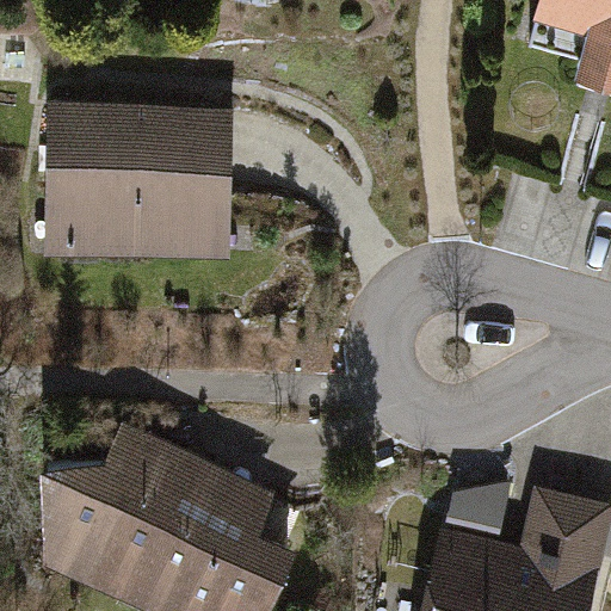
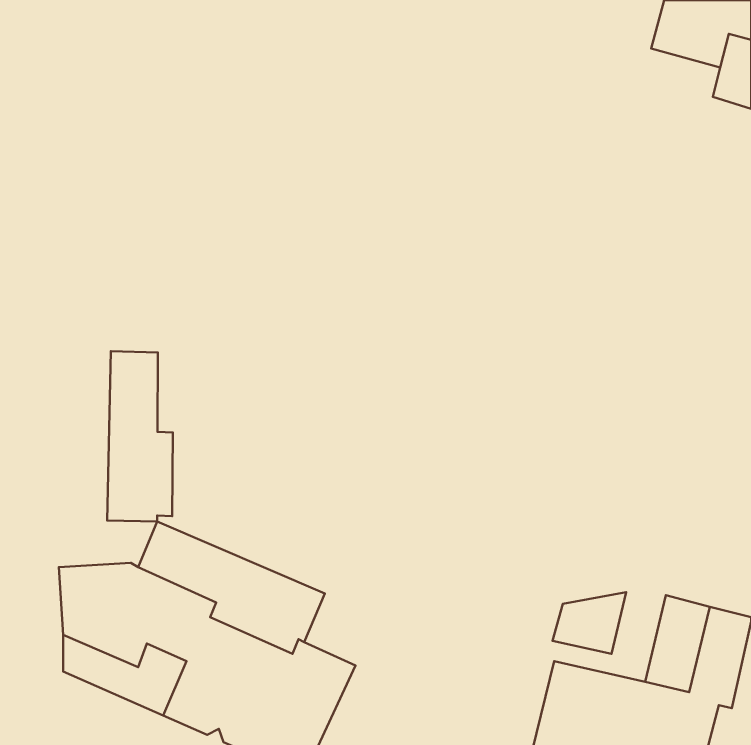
building: [54,107,224,249] -> none
building: none -> [107,351,173,522]

